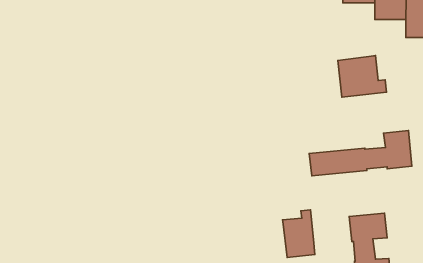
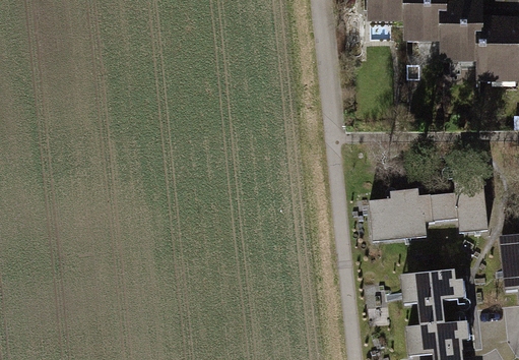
building: [338,56,387,97] -> none
building: [283,210,315,257] -> none

